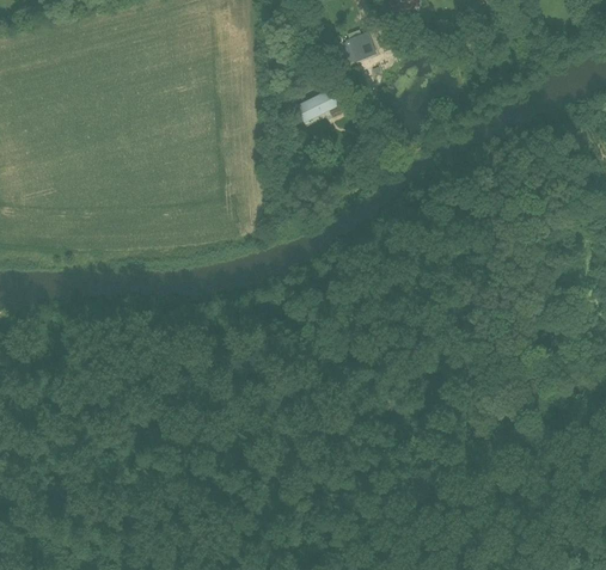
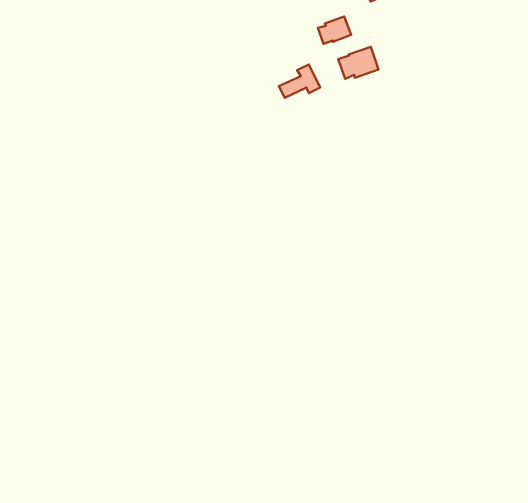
building: none -> [338,47,378,79]

